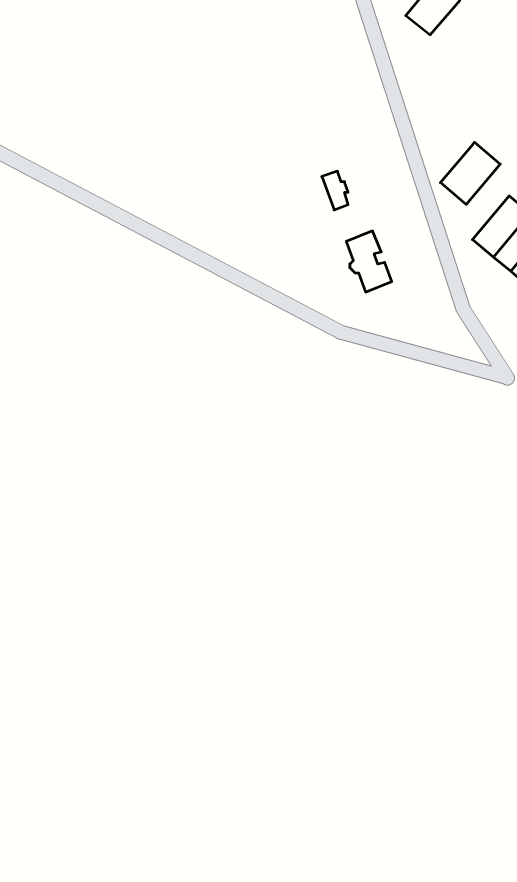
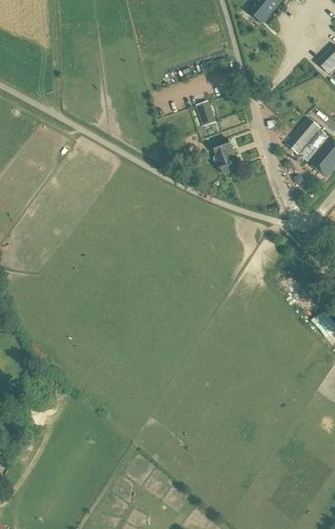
building: [440,142,500,204] -> none

